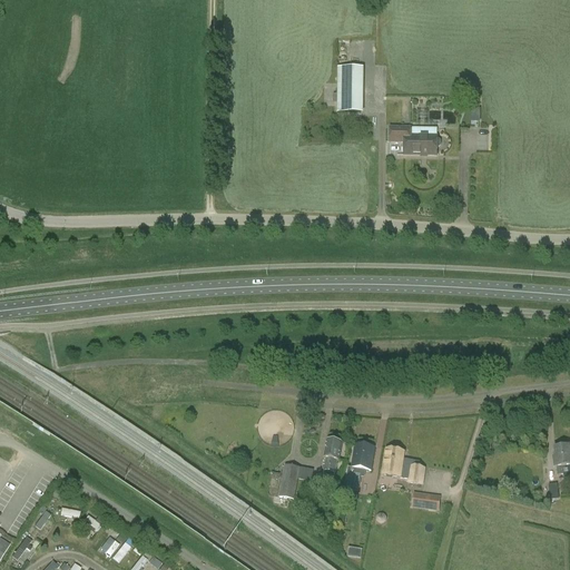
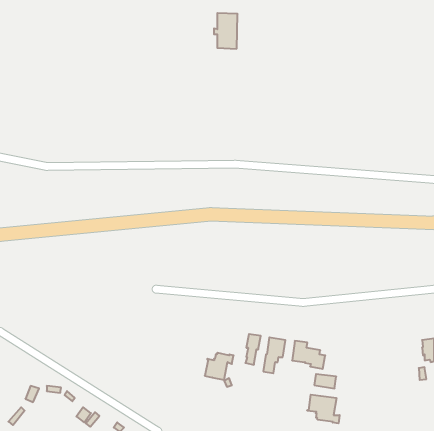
building: [333,63,364,110] -> [214,13,238,49]
building: [390,125,441,153] -> none
building: none -> [307,395,340,423]

